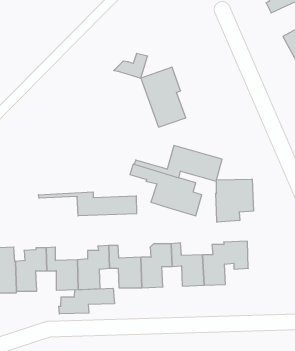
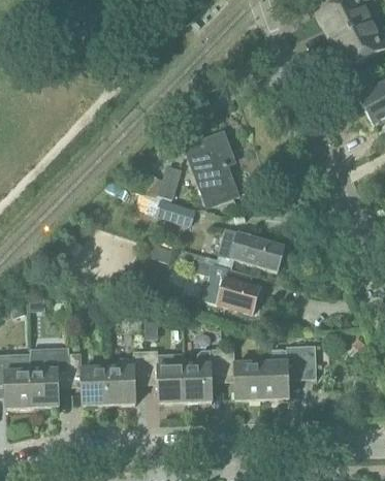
building: [114,53,148,78] -> [140,167,182,197]
building: none -> [156,198,197,226]
building: [216,179,253,222] -> none
building: [38,192,137,216] -> none
building: [59,288,114,314] -> none

